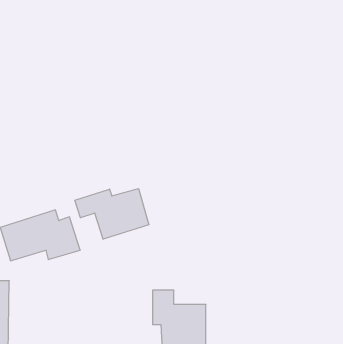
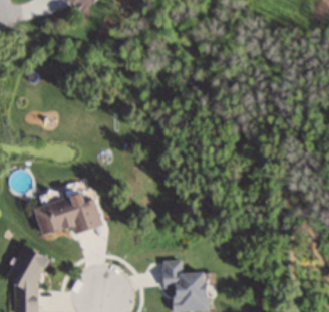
building: [75,189,149,239] -> none

